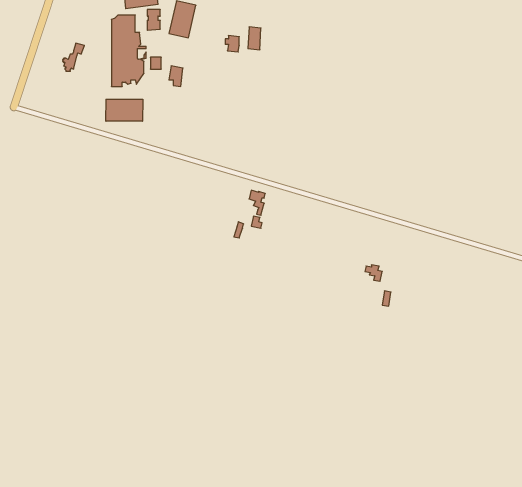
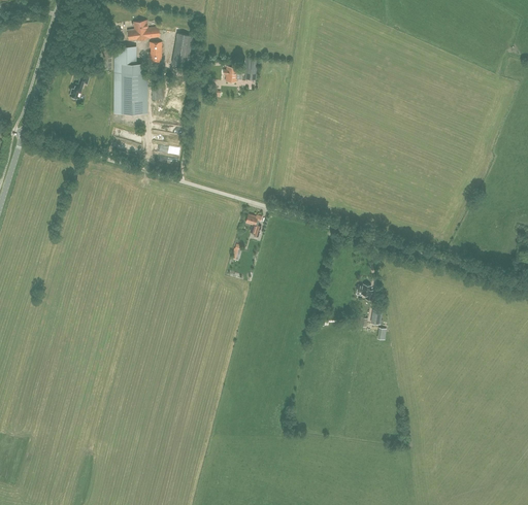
building: [106,99,143,121] -> none

